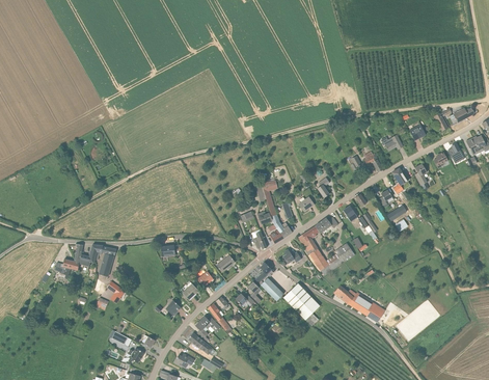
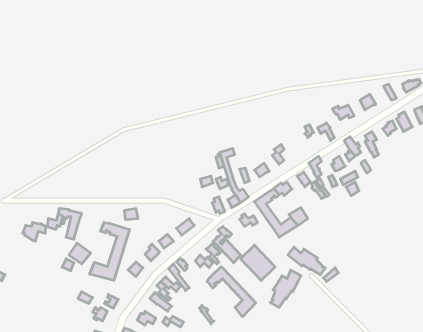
building: none -> [90,222,130,280]
building: none -> [207,267,256,317]
building: none -> [270,270,301,307]

